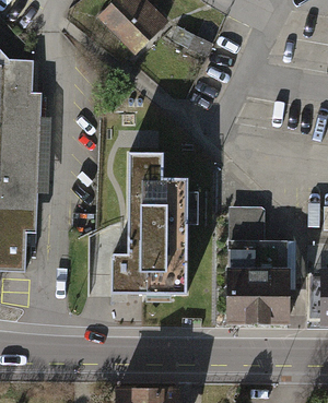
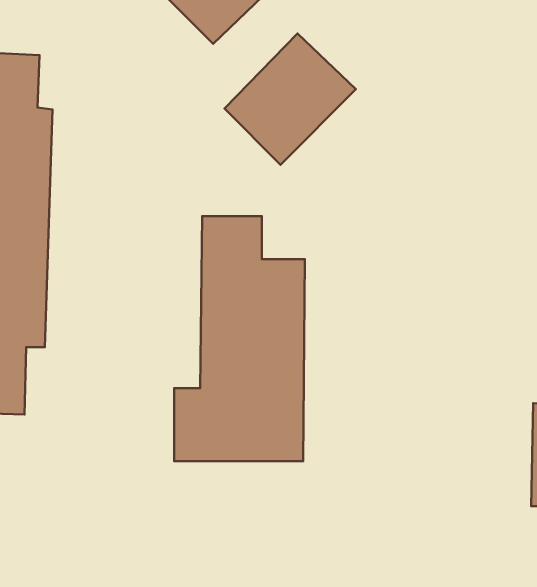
building: none -> [224,33,356,165]
building: [226,202,296,324] -> none

